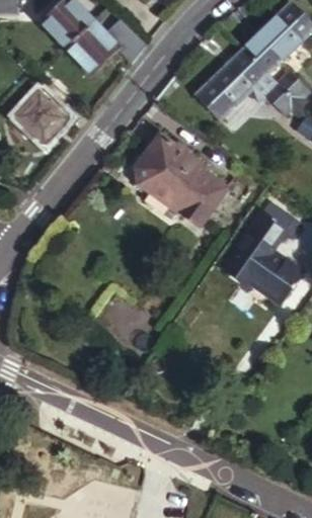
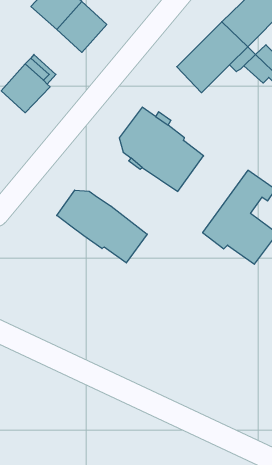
building: none -> [57,190,147,263]

